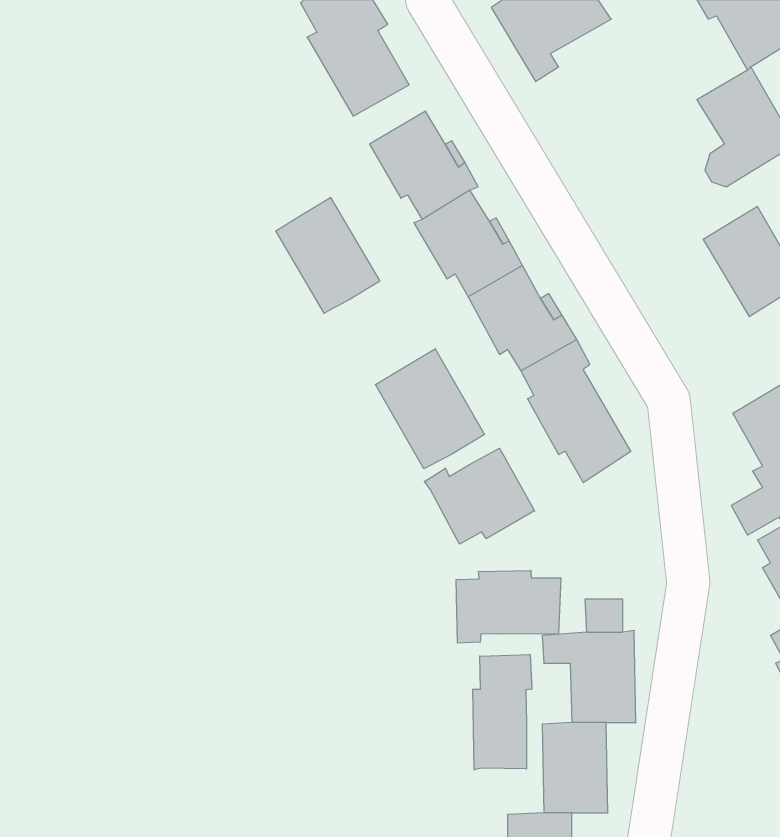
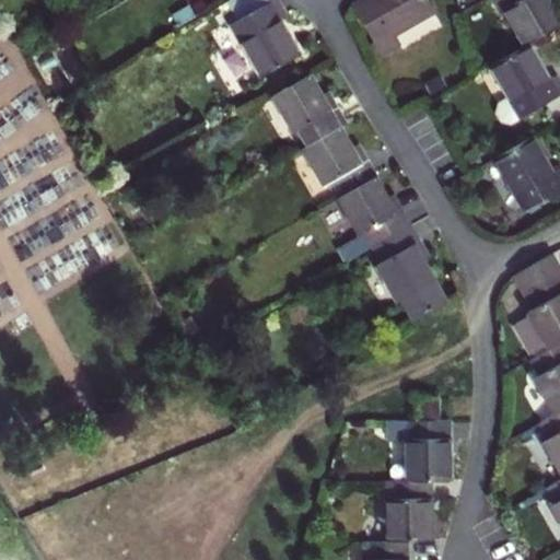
building: [276,197,380,313] -> none
building: [375,349,485,469] -> none
building: [424,448,535,544] -> none
building: [456,570,561,643] -> none
building: [473,654,532,770] -> none

